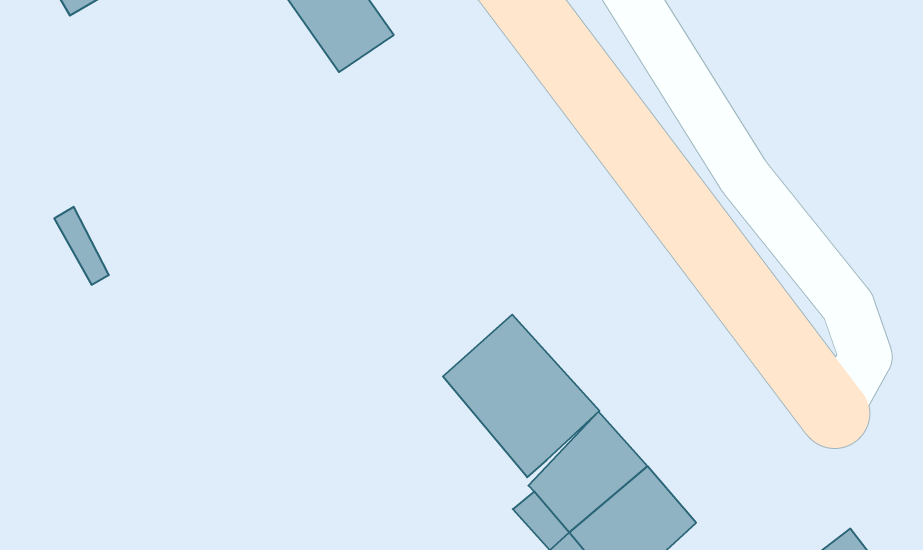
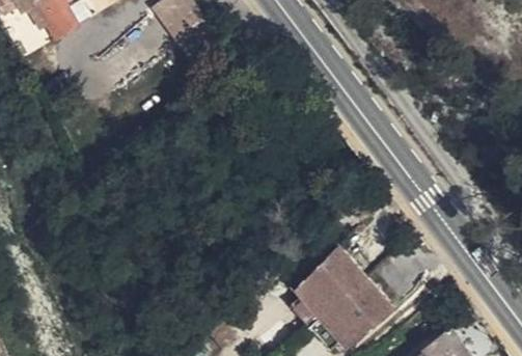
building: [443,315,599,477] -> none

